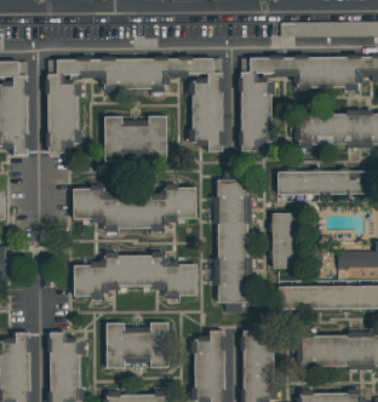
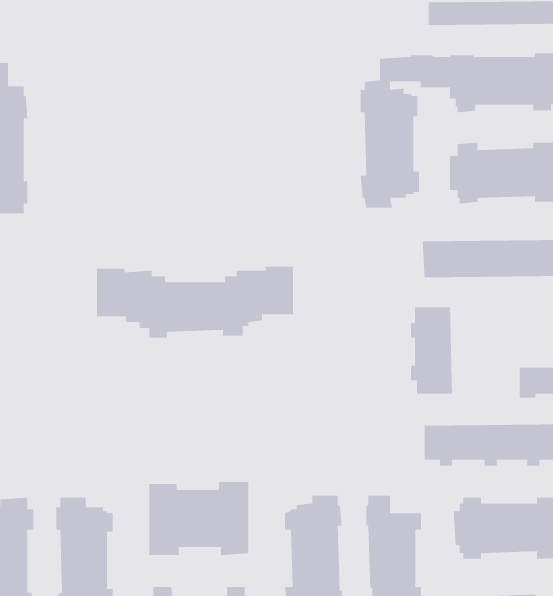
building: [45,56,225,153] -> none
building: [104,116,167,161] -> none
building: [213,179,252,312] -> none
building: [74,251,196,299] -> none

